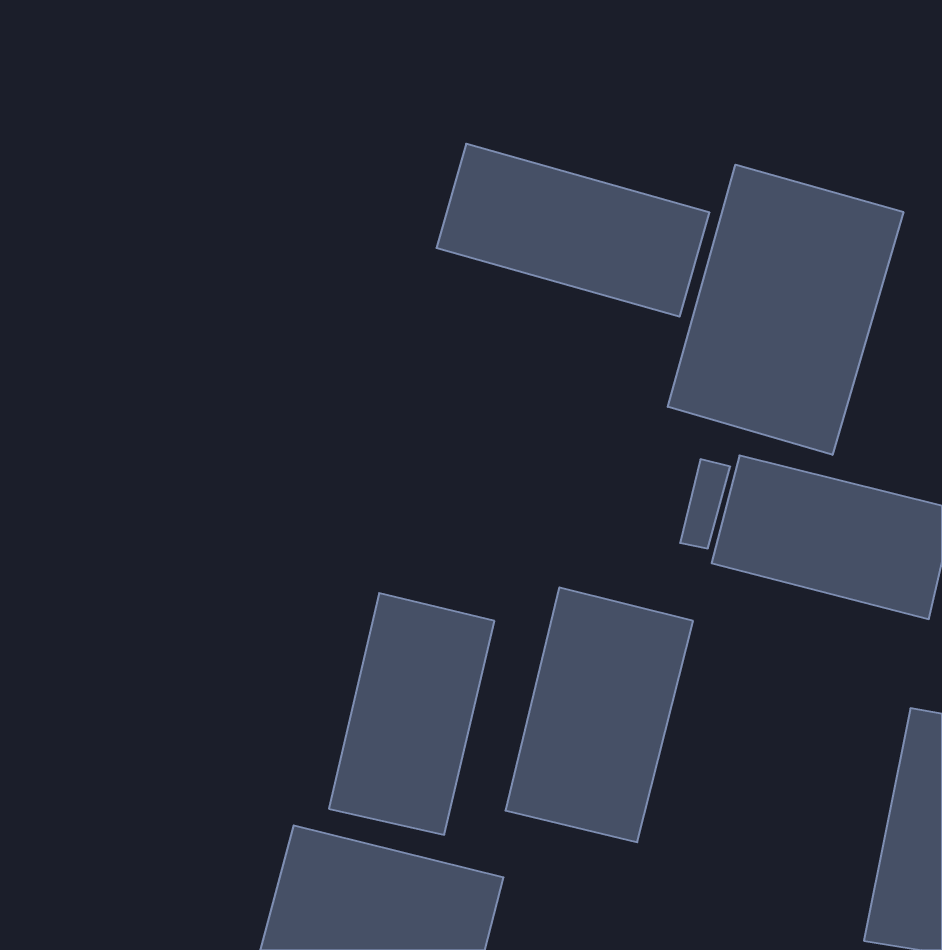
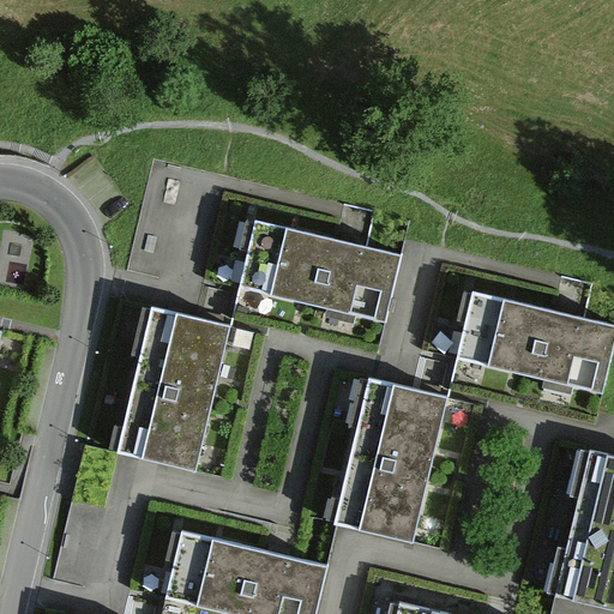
building: [436,144,710,317] -> [234,212,410,324]
building: [668,165,903,455] -> none
building: [329,593,494,835] -> [120,309,227,465]

